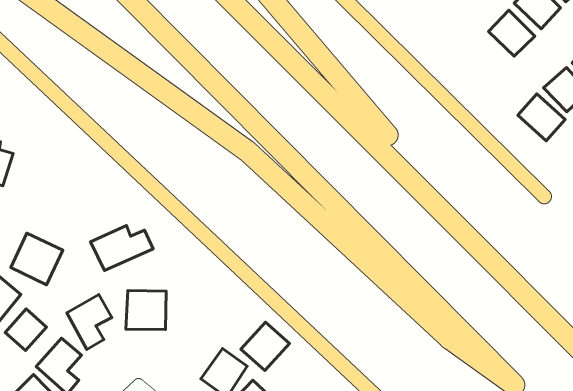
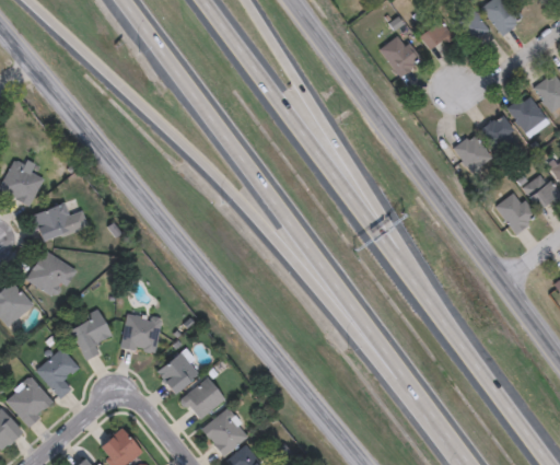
building: none -> [453,132,494,174]
building: [90,225,153,271] -> [33,204,88,241]
building: [5,309,47,351] -> none
building: [241,322,290,371] -> [156,351,200,394]

